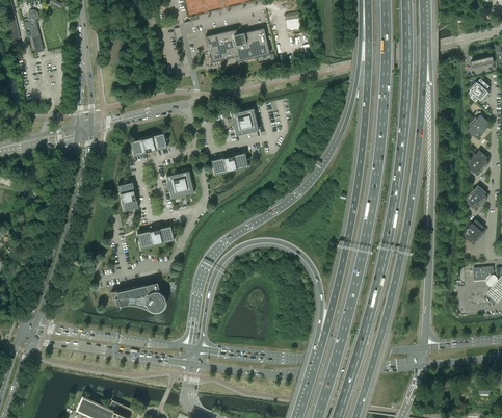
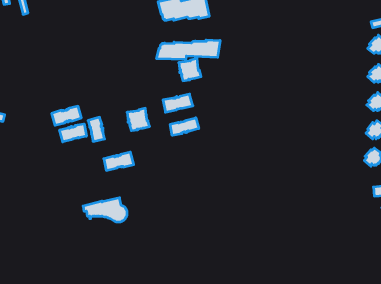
building: none -> [157,40,220,60]
building: [130,133,167,157] -> [52,106,81,125]
building: none -> [170,118,199,135]
building: none -> [60,124,86,142]

